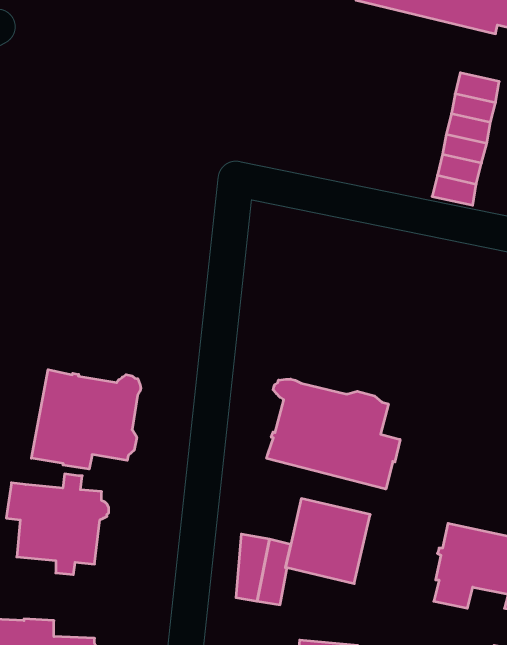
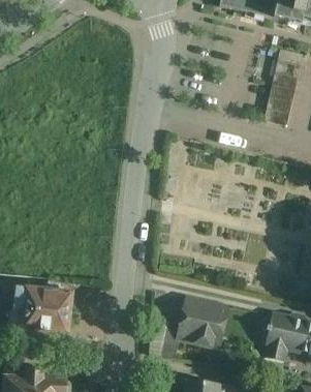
building: [31,370,141,469] -> none
building: [267,379,400,489] -> none

